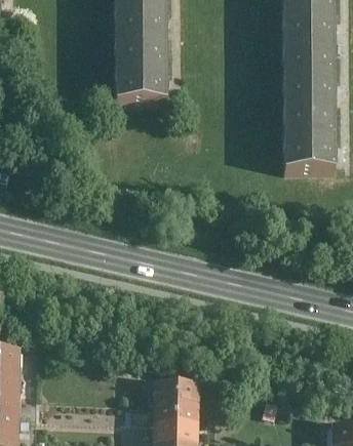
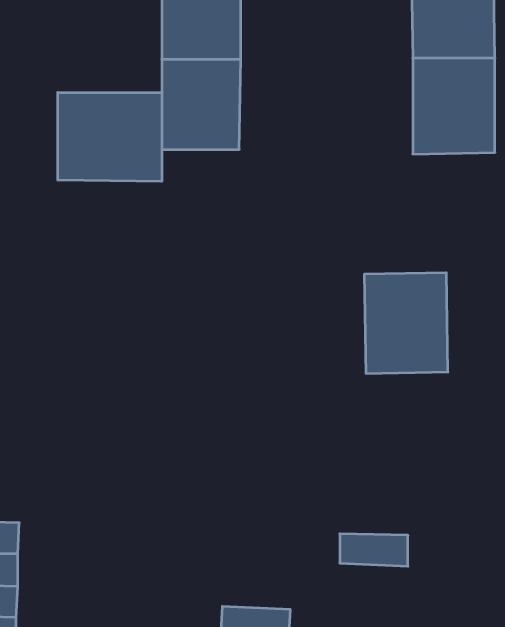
building: none -> [58,92,162,181]
building: [282,106,338,172] -> [364,273,448,373]
building: [156,387,201,408] -> [340,534,408,566]

